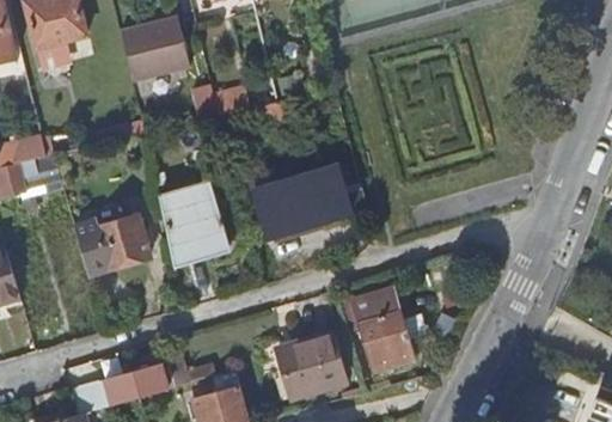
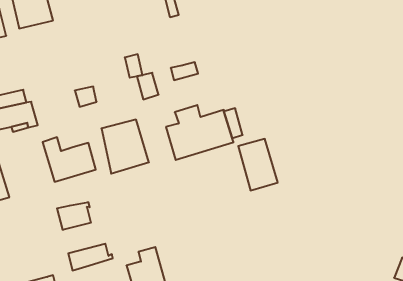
building: [121,17,190,81] -> none
building: [359,293,417,369] -> [238,139,278,190]
building: none -> [57,202,91,230]
building: [269,336,348,402] -> none

